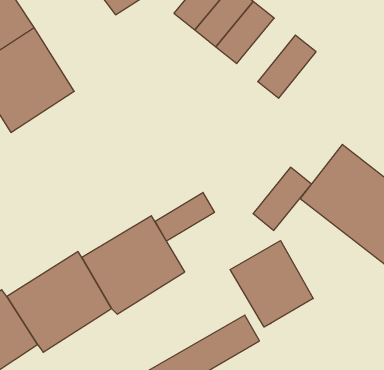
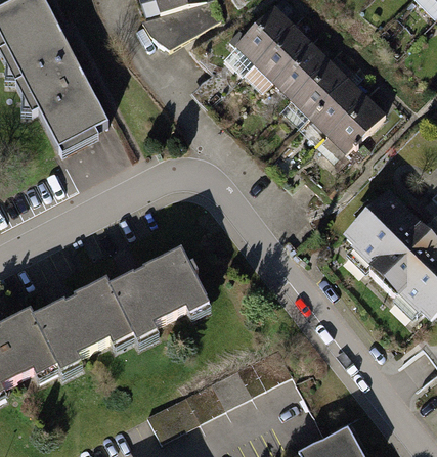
building: none -> [283,58,344,120]
building: [253,167,311,230] -> [322,95,383,156]
building: [155,192,214,241] -> none
building: [230,241,313,327] -> none

